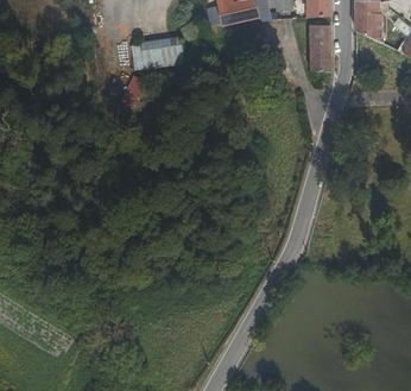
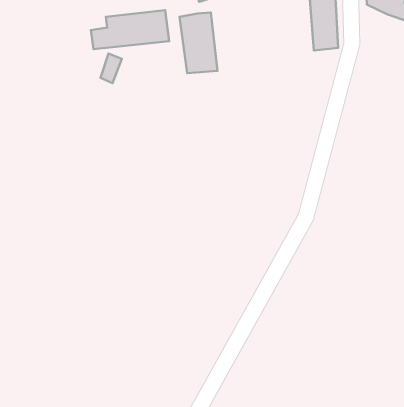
building: none -> [179,12,217,73]

